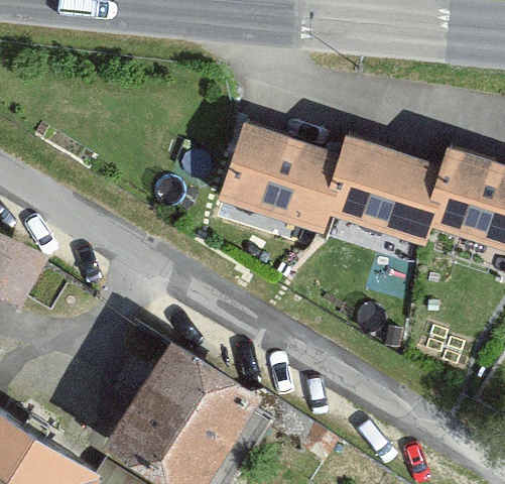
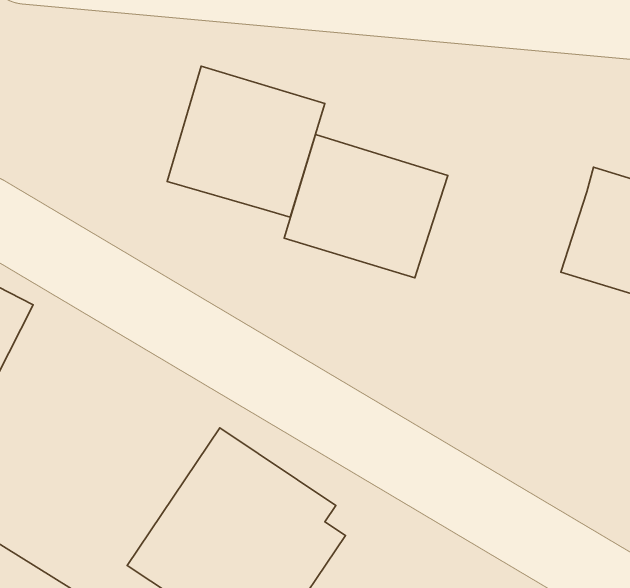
building: none -> [167,66,325,217]
building: [322,135,444,243] -> none

